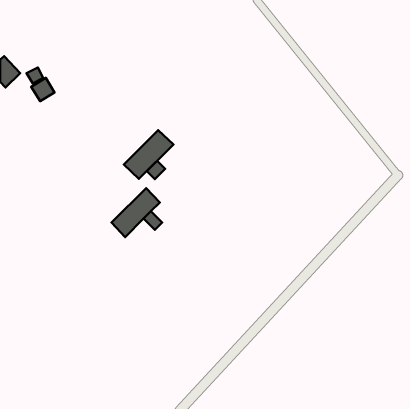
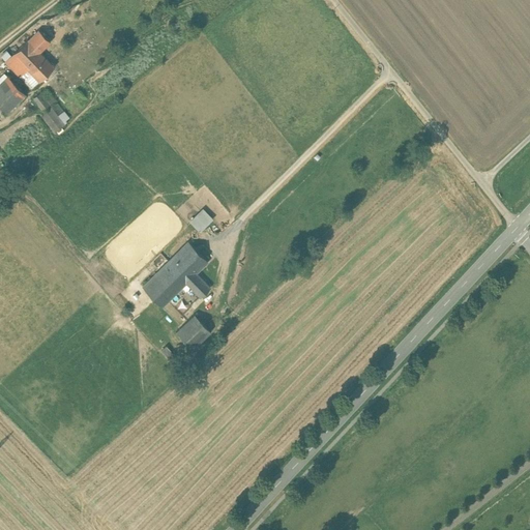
building: none -> [12,40,54,83]
building: [124,130,173,179] -> none
building: none -> [176,316,210,351]

